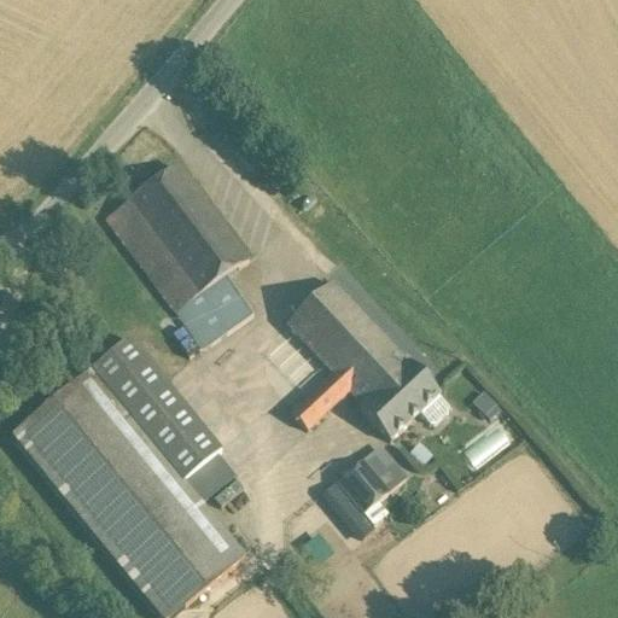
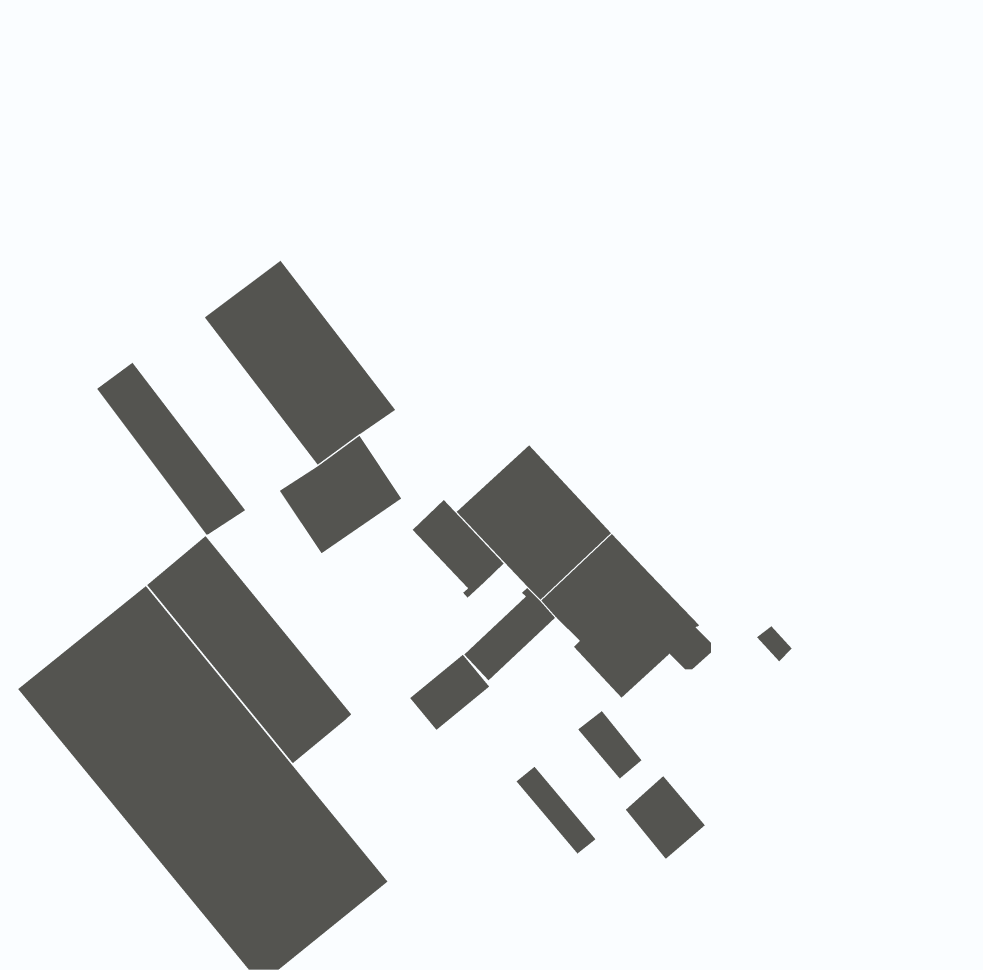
building: [105,199,199,308] -> [96,362,246,535]
building: none -> [412,499,504,598]
building: [183,451,234,500] -> [409,654,490,731]
building: [338,457,389,511] -> [625,775,706,860]

